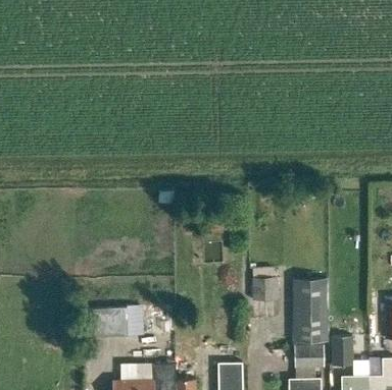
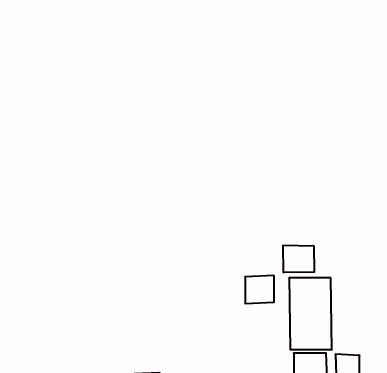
building: none -> [283,245,314,273]
building: [91,304,147,336] -> none

